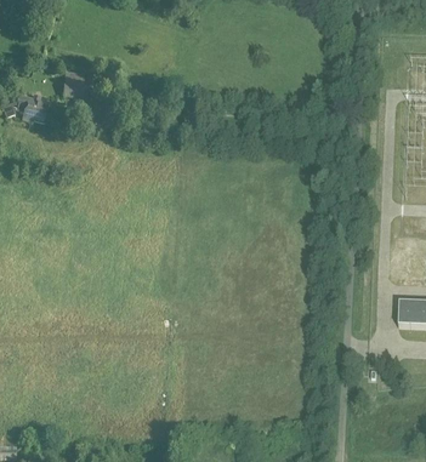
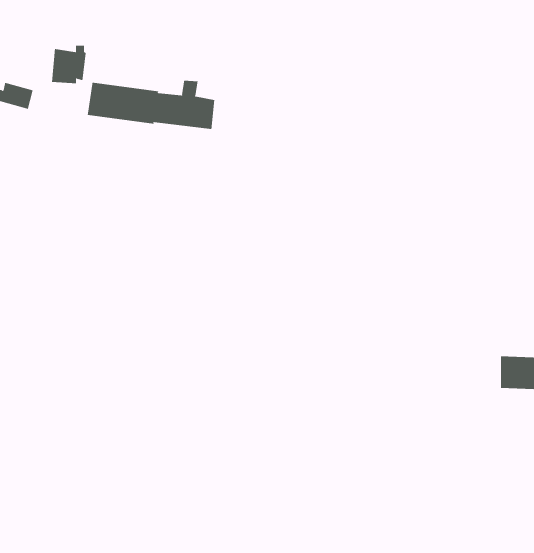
building: none -> [87,80,215,130]

